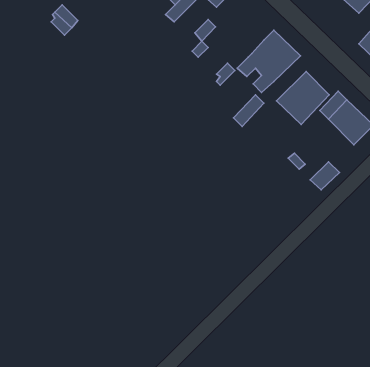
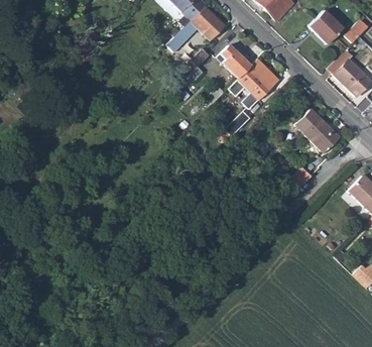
building: none -> [218,45,249,77]
building: [277,72,329,124] -> none

